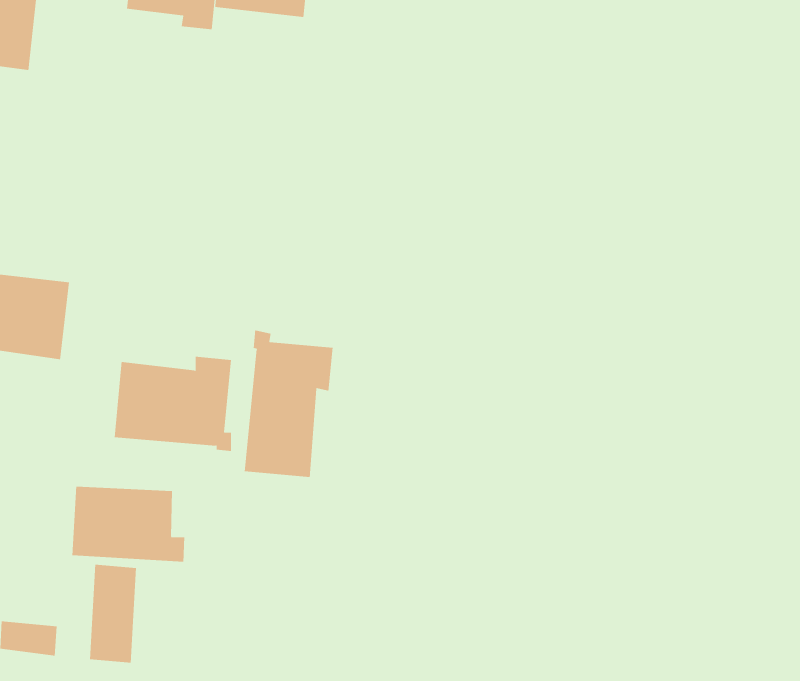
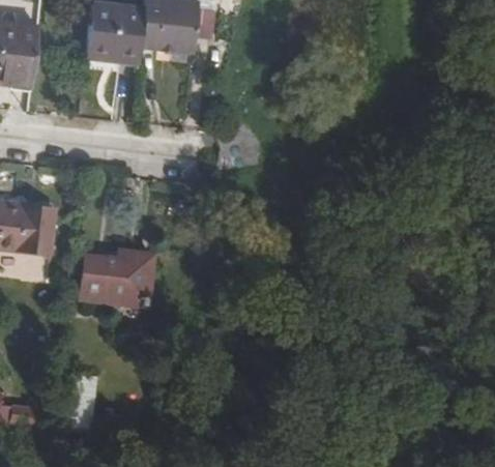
building: [244,330,333,478] -> none
building: [72,486,185,562] -> none

